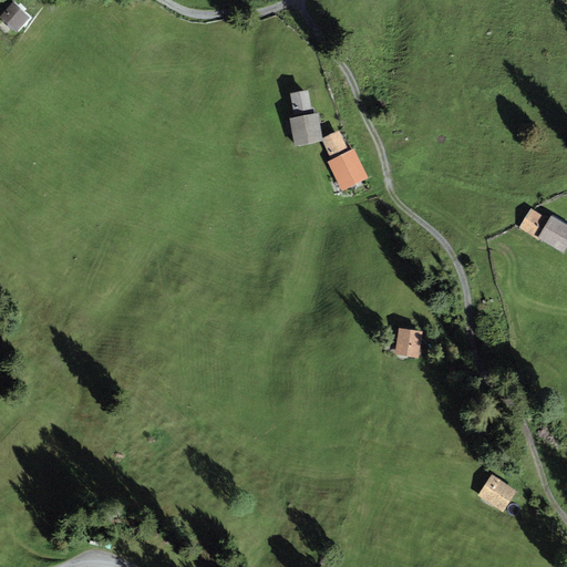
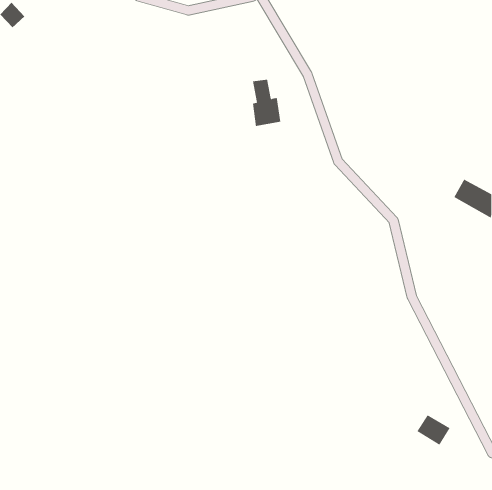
building: [322,131,367,190] -> none
building: [392,328,423,358] -> none

